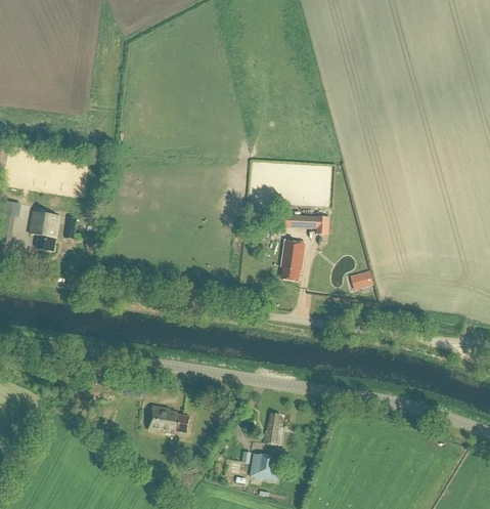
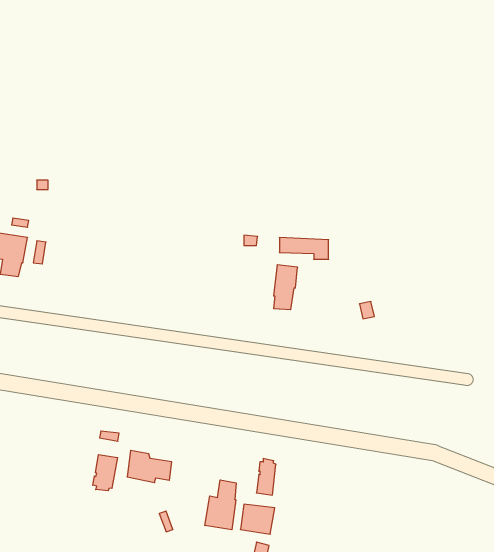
building: none -> [93,455,118,491]
building: none -> [205,480,236,530]

